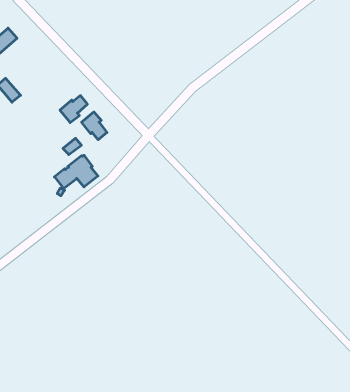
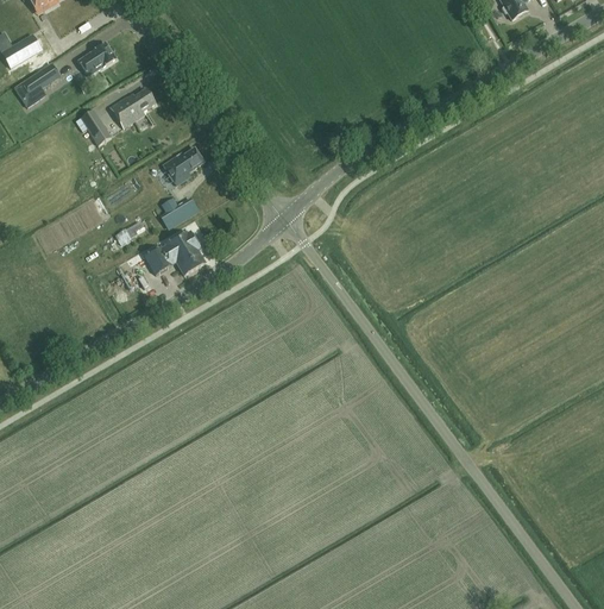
building: none -> [109,87,156,127]
building: [82,112,107,140] -> none

